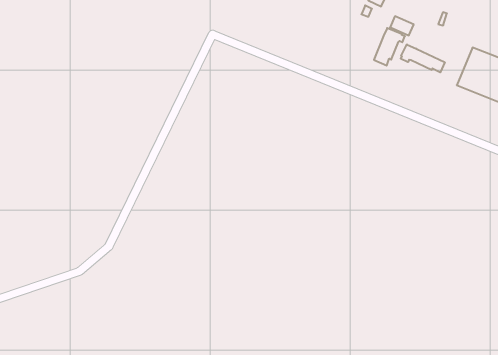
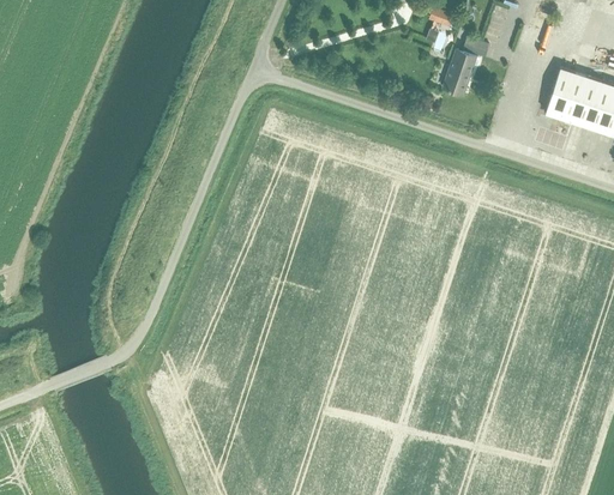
building: [401,44,445,72] -> none

